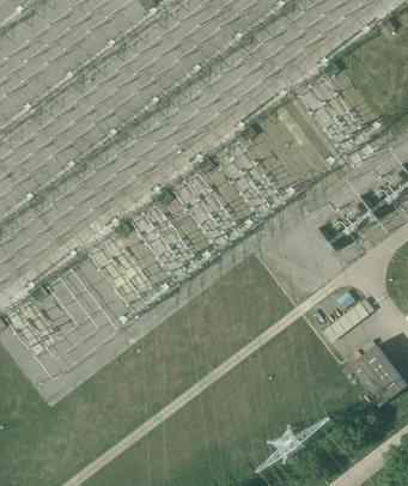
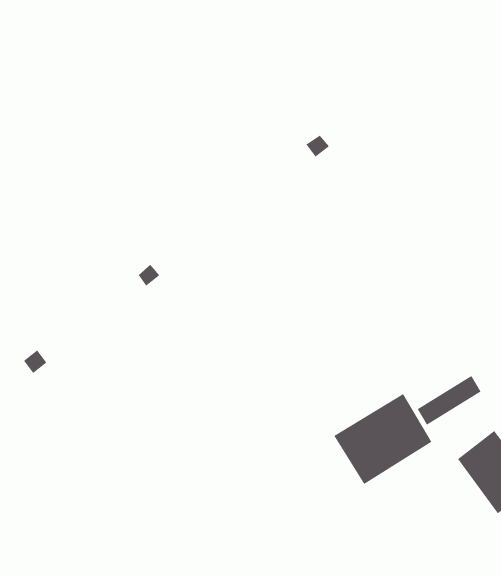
building: none -> [334,393,432,485]

